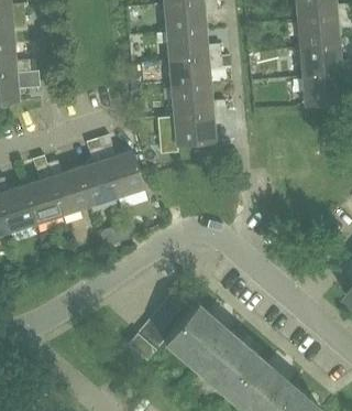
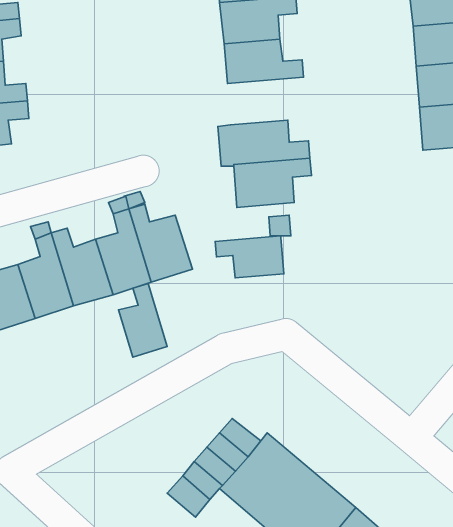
building: [168,56,222,89] -> none
building: none -> [215,236,284,278]
building: none -> [118,284,167,357]

